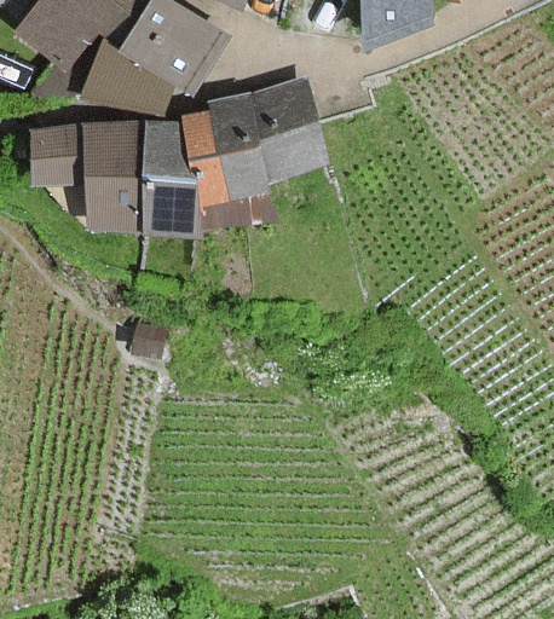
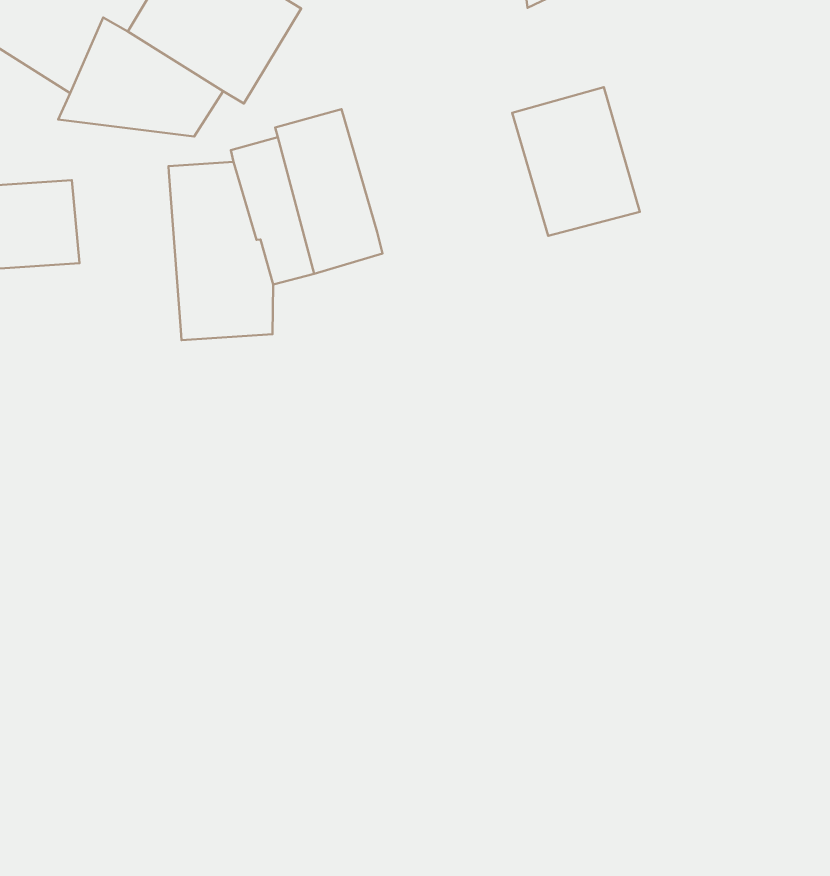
building: [249,86,323,174] -> [512,87,640,236]
building: [82,129,143,227] -> none

